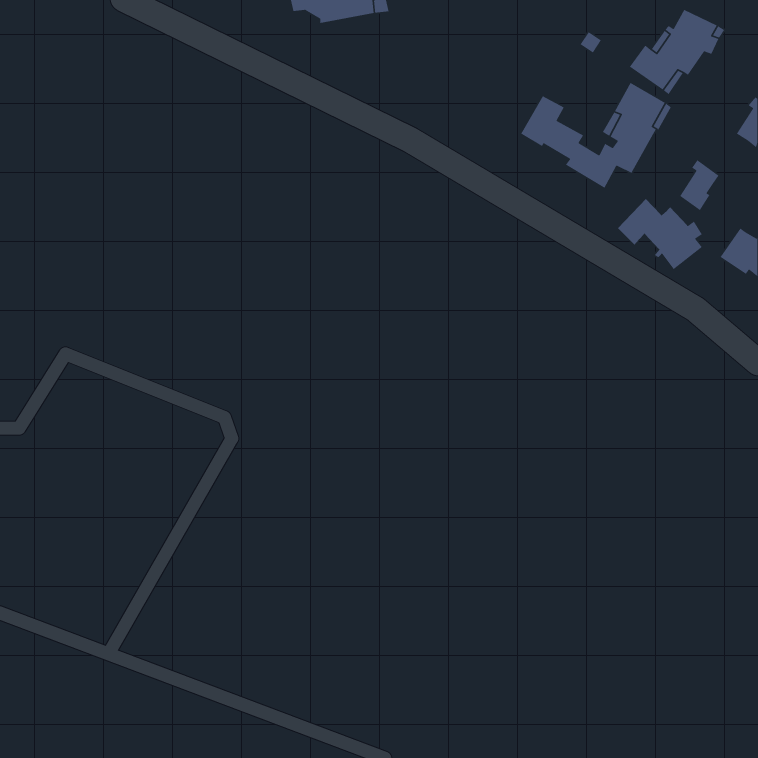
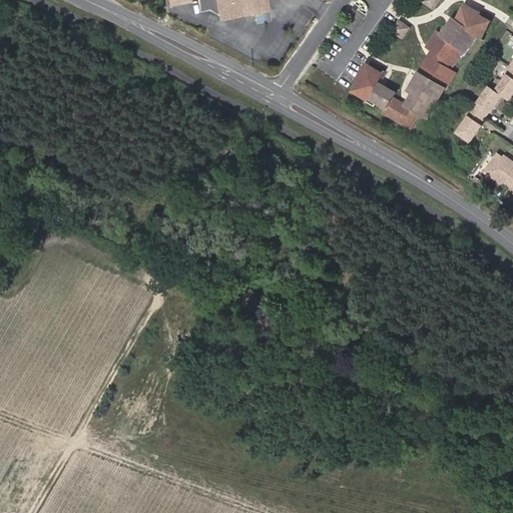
building: none -> [470,85,504,118]
building: [617,198,703,270] -> none

